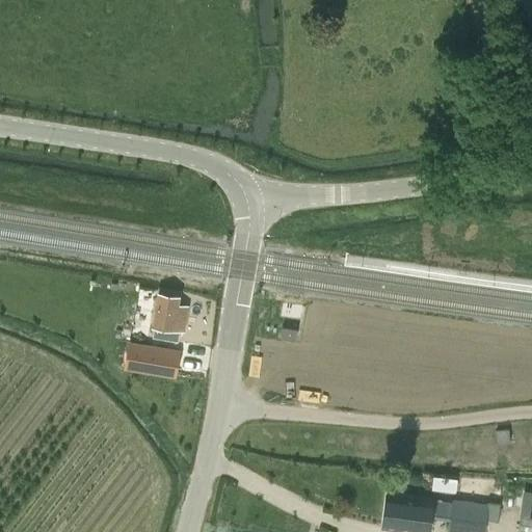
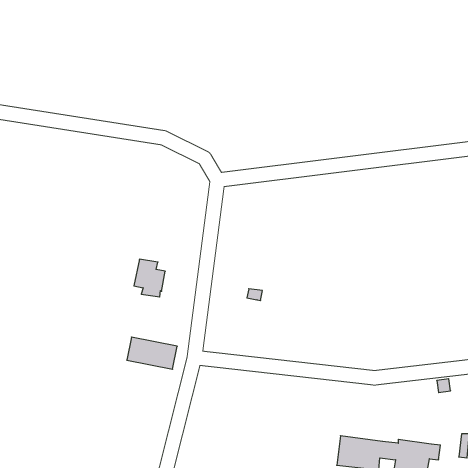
building: [124,345,181,381] -> [127,337,177,369]

